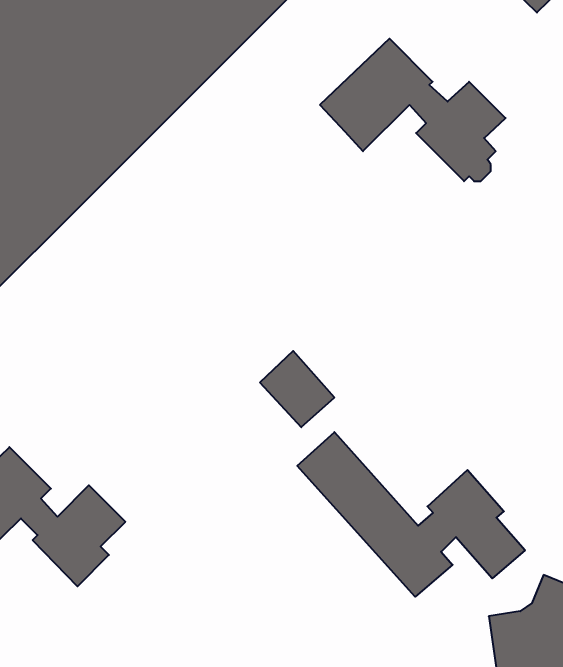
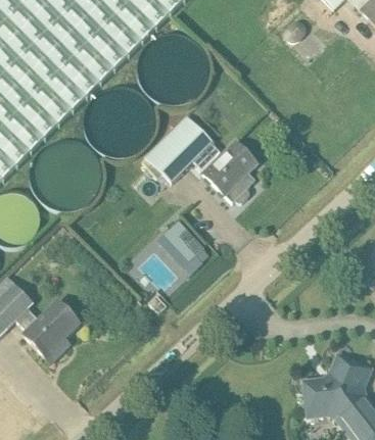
building: [320,39,506,181] -> [143,113,257,201]
building: [297,432,525,597] -> none

